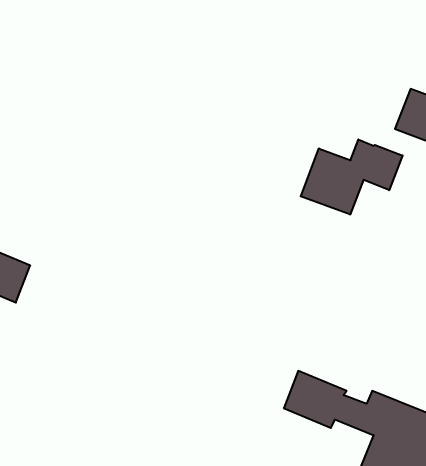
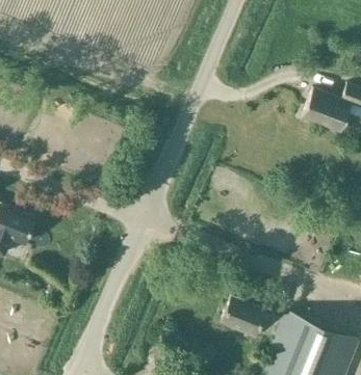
building: [301,139,403,215] -> none

